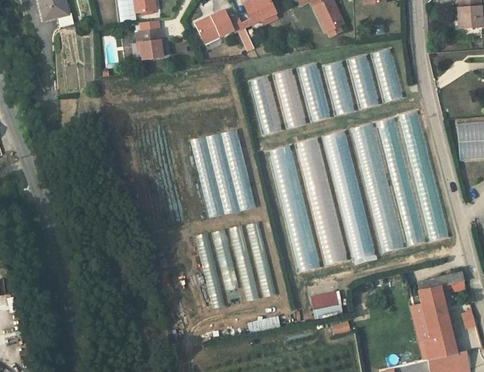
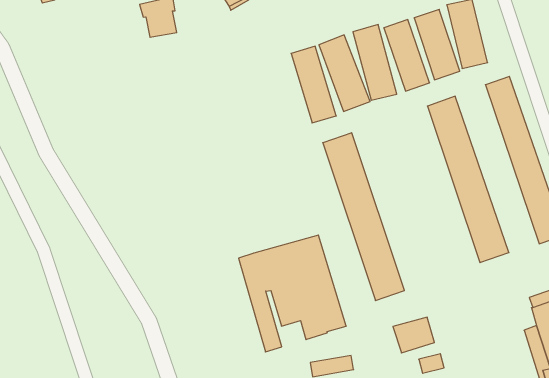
building: [376,117,427,246] -> none
building: [191,129,253,218] -> none
building: [323,130,377,261] -> none
building: [295,138,349,269] -> none

